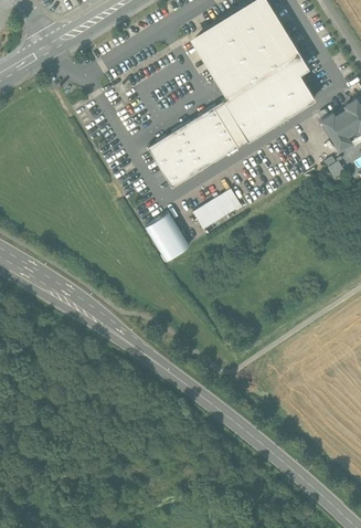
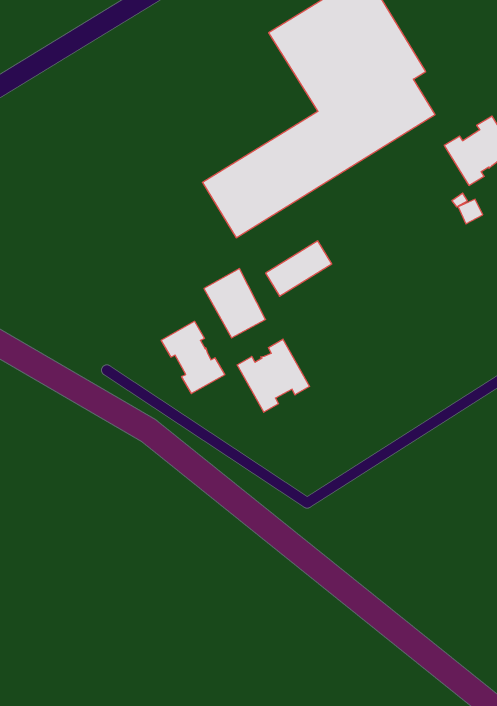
building: none -> [161,321,225,394]
building: none -> [237,339,310,412]

